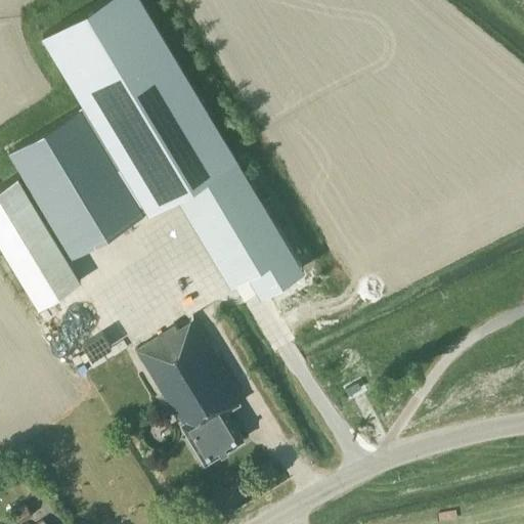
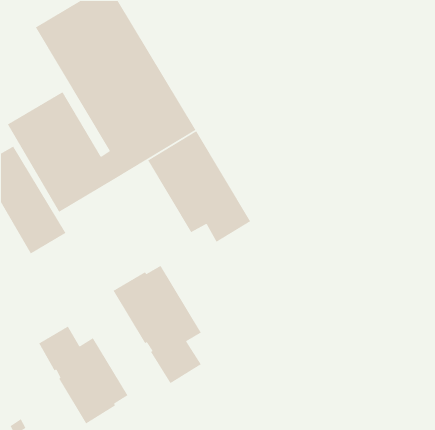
building: none -> [38,325,129,425]

